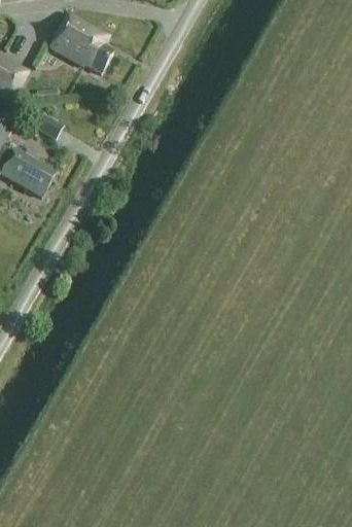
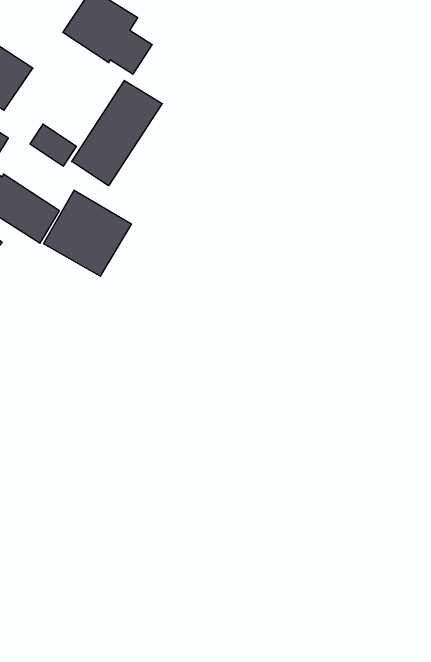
building: none -> [72,80,162,186]
building: none -> [44,190,131,276]

